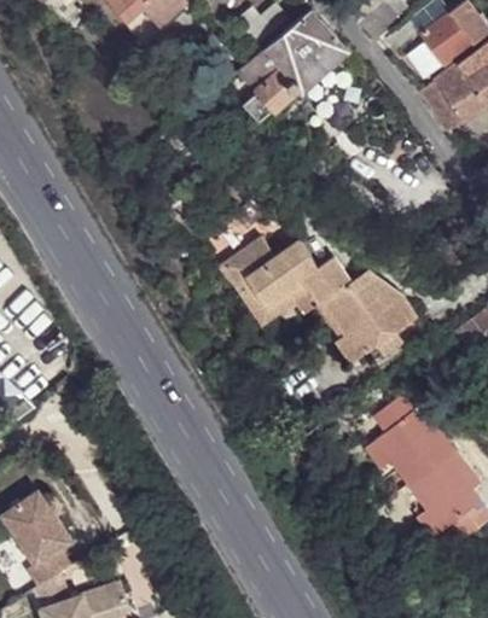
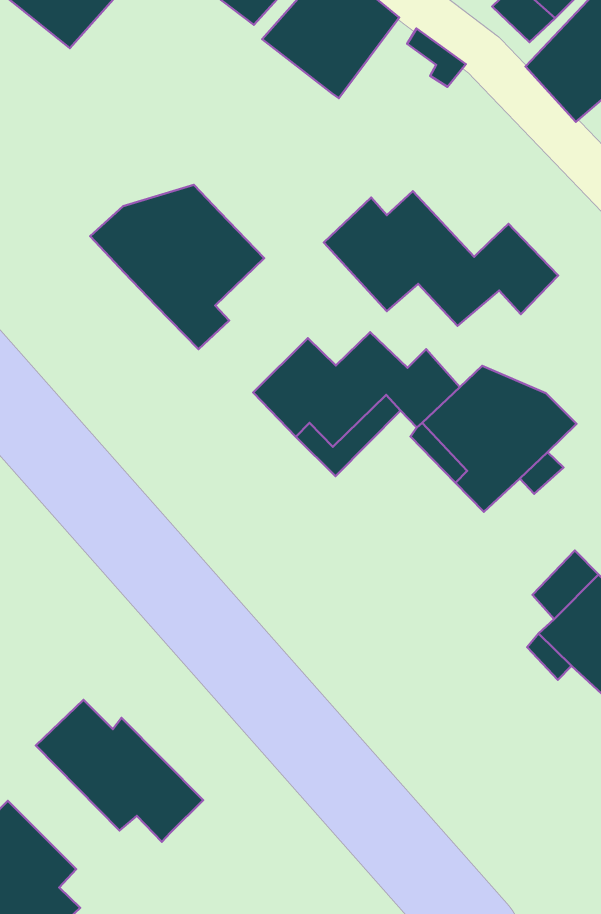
building: [238,49,300,109] -> none
building: none -> [90,185,264,349]
building: none -> [324,191,558,326]
building: none -> [36,700,203,842]

